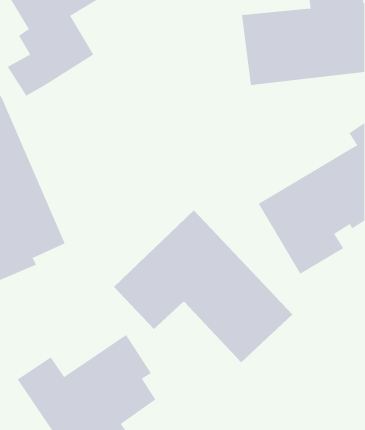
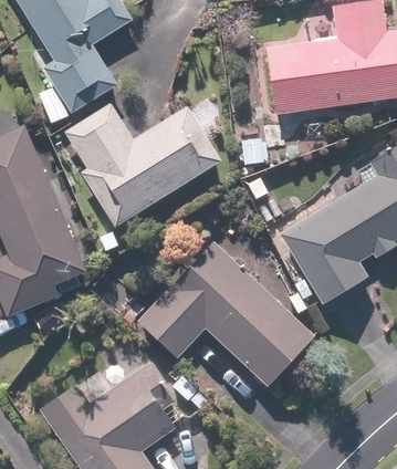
building: none -> [56,100,221,227]

